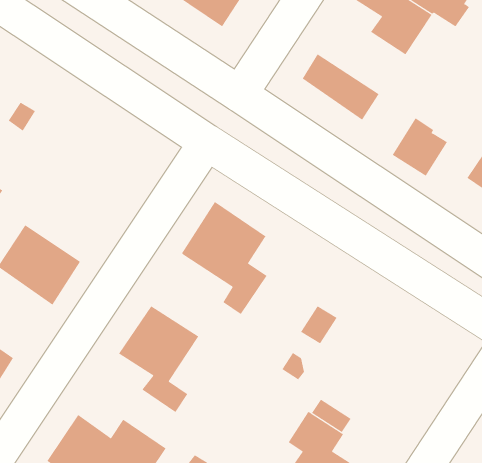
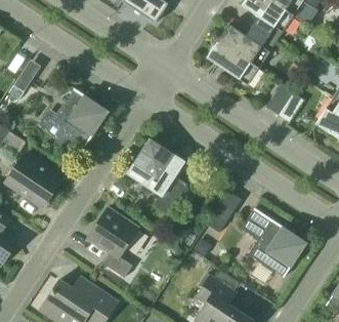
building: none -> [217,25,276,68]
building: none -> [51,88,109,146]
building: none -> [242,208,306,277]

